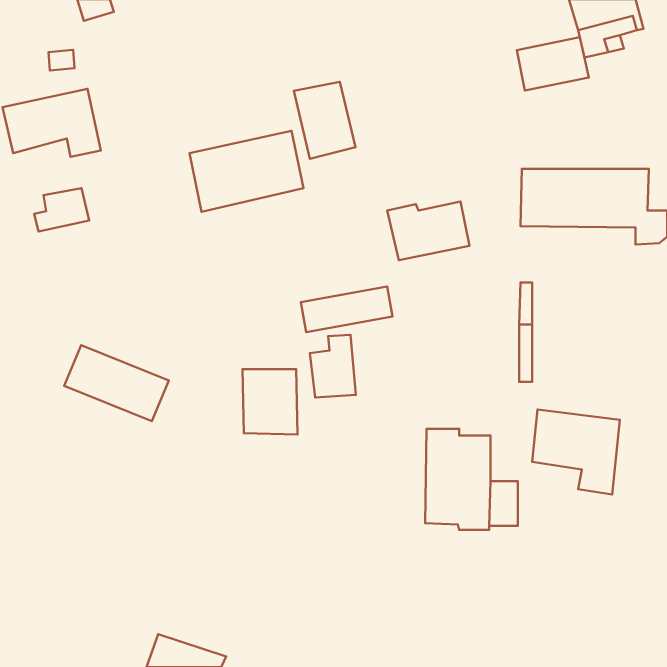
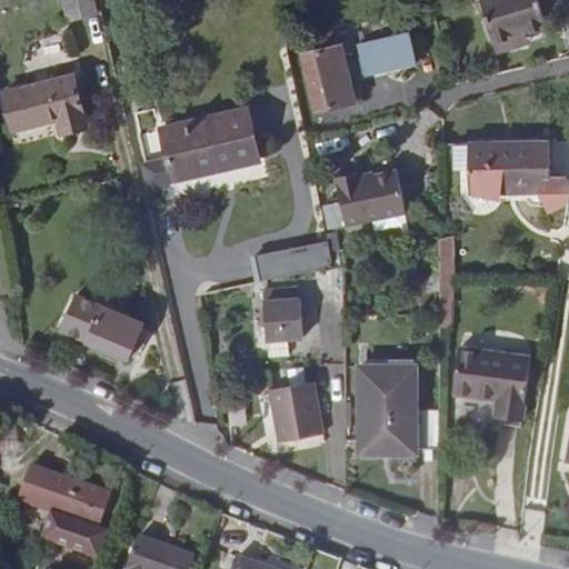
building: [517,37,589,91] -> [355,31,416,77]
building: [294,82,355,159] -> [300,47,352,112]
building: [34,188,89,231] -> none
building: [242,369,297,435] -> [277,381,323,437]
building: none -> [18,467,109,560]

